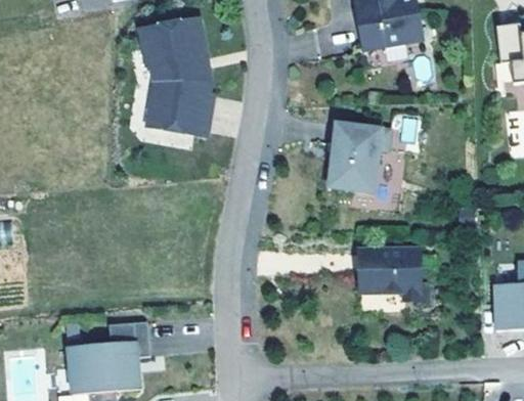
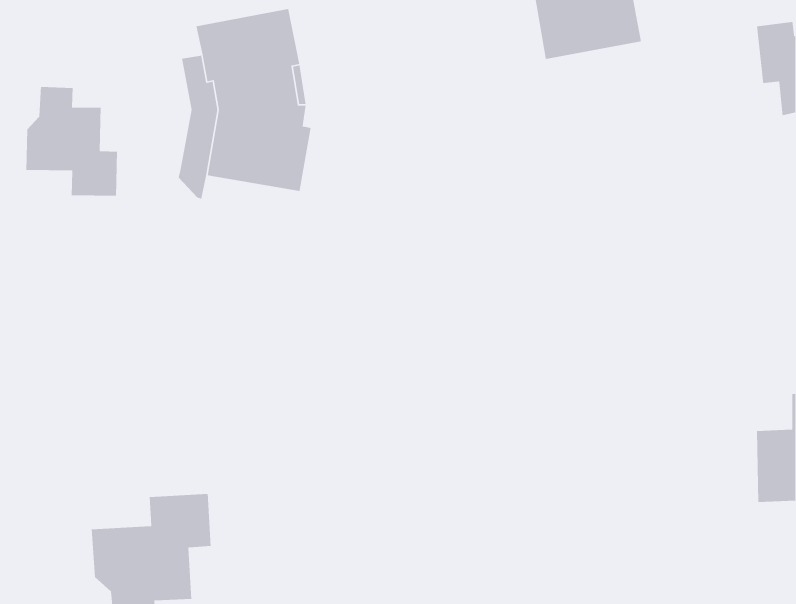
building: none -> [25,86,118,197]
building: [331,122,393,191] -> none
building: [358,247,428,299] -> none

